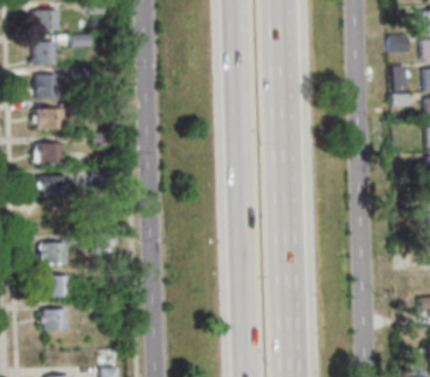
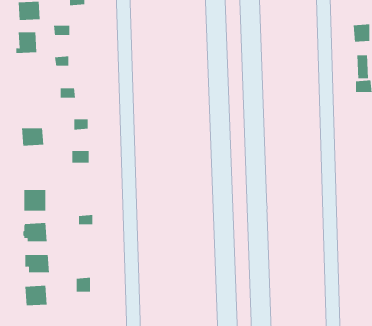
building: [37,74,70,98] -> none
building: [37,108,64,128] -> none
building: [37,175,68,197] -> none

